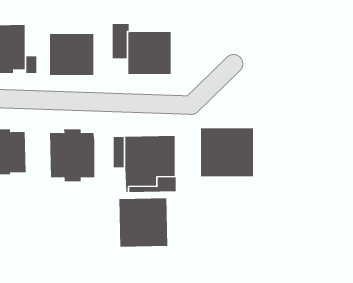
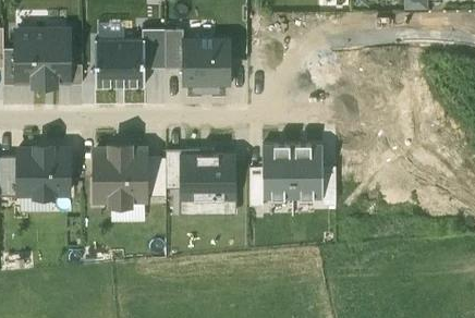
building: none -> [143,28,165,69]
building: none -> [146,158,166,197]
building: [119,197,168,248] -> none

